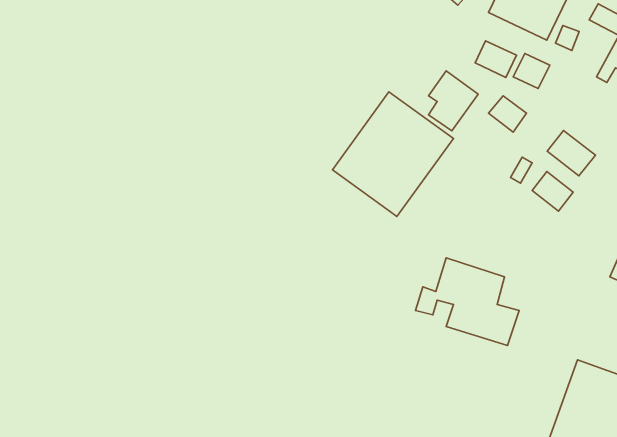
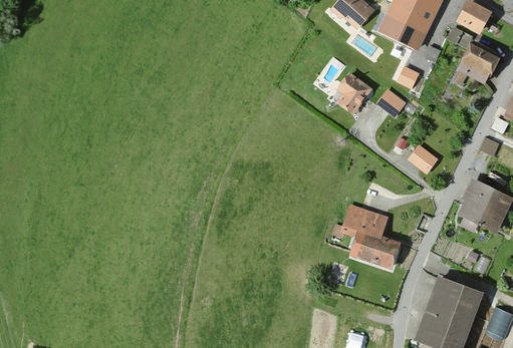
building: [475,41,516,77] -> none
building: [333,92,453,217] -> none
building: [547,130,595,176] -> none

